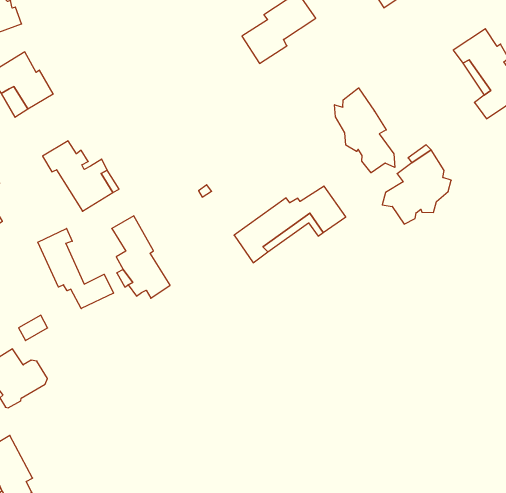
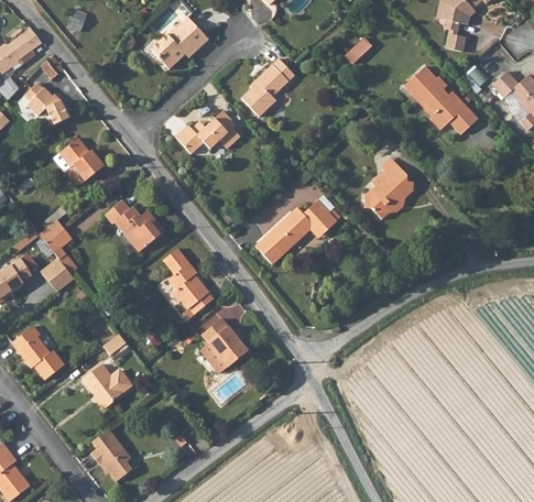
building: none -> [173,112,239,156]
building: [335,88,395,173] -> none
building: [38,228,113,309] -> none
building: none -> [200,316,248,371]

